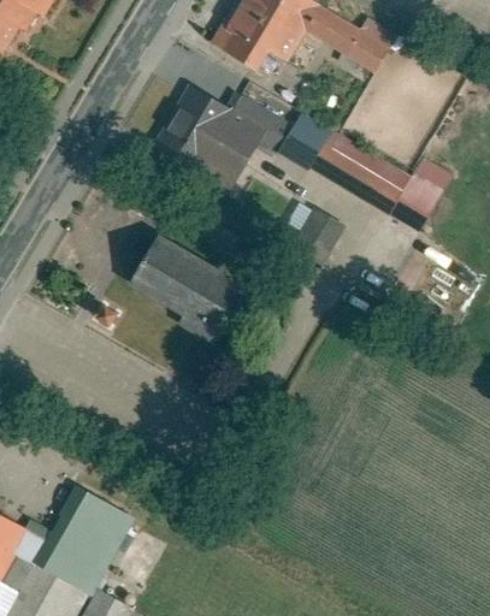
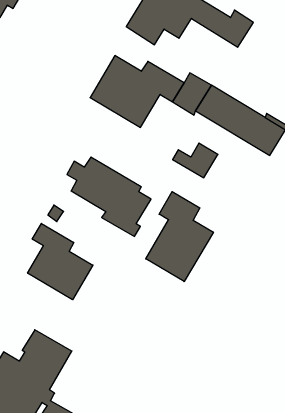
building: none -> [146,192,213,282]
building: none -> [28,223,93,300]

